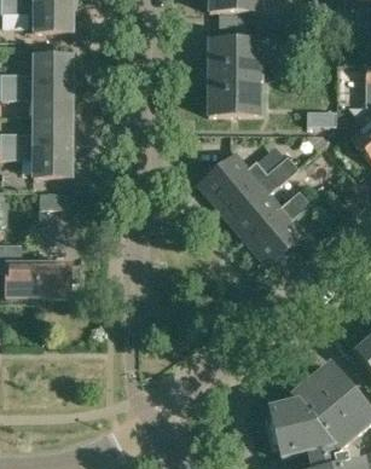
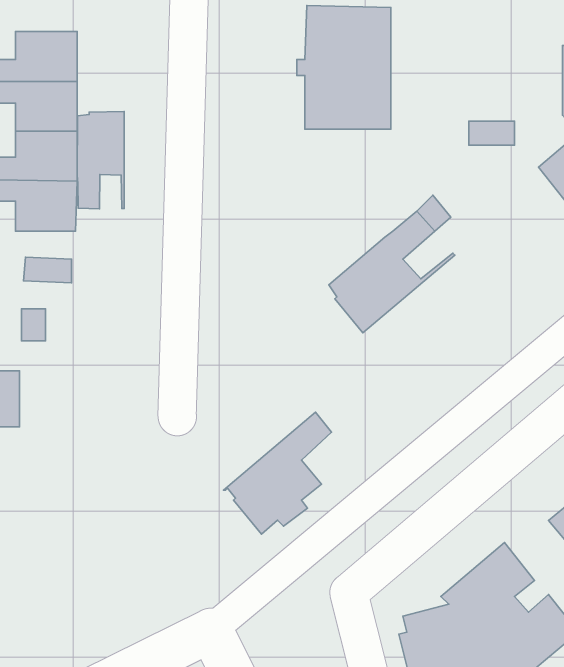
building: none -> [77,112,124,209]
building: [198,152,262,209] -> none
building: [244,191,309,265] -> [224,412,331,534]
building: [36,261,80,296] -> none

